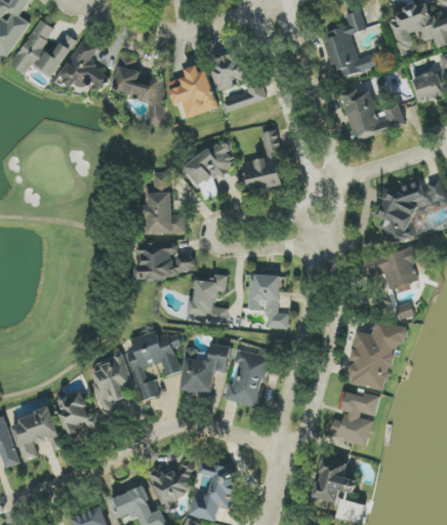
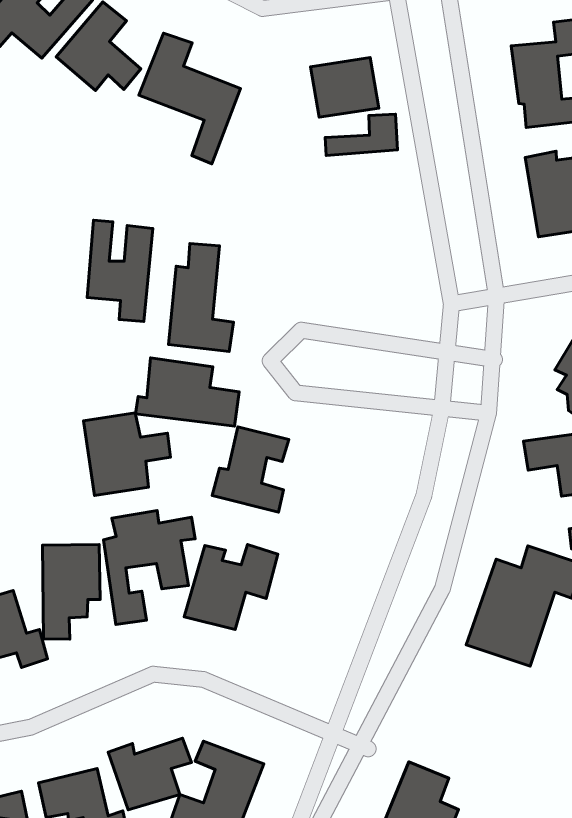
building: [167,66,215,117] -> none
building: [242,129,281,192] -> none
building: [182,142,235,200] -> none
building: none -> [87,220,153,321]
building: [246,274,287,329] -> none
building: none -> [83,413,171,495]
building: [223,348,271,408] -> none
building: [330,391,378,445] -> none

